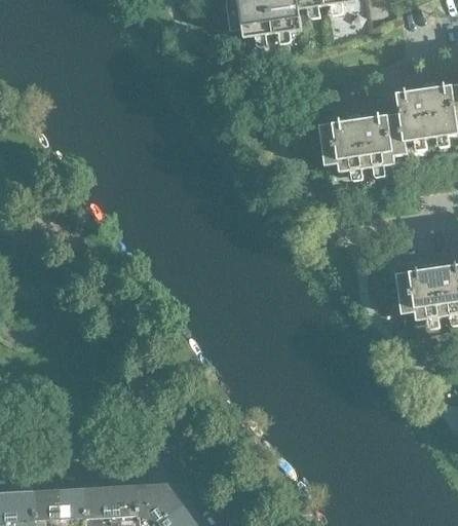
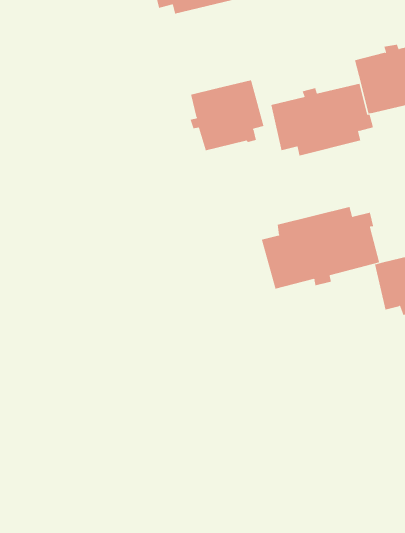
building: none -> [190,79,264,151]
building: none -> [261,206,380,290]

